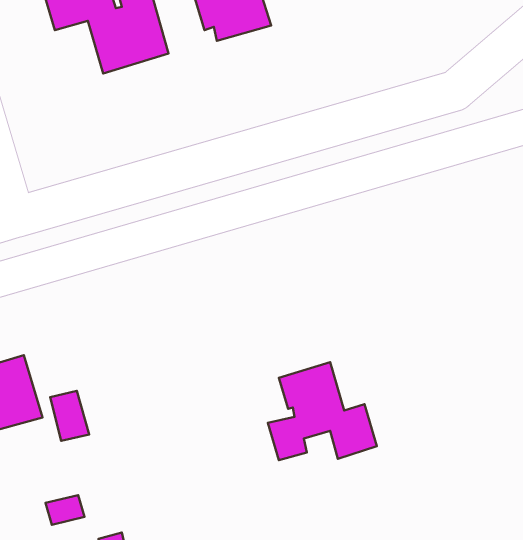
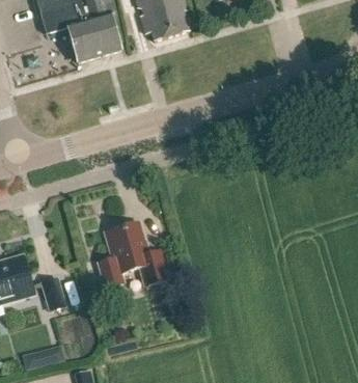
building: [268,362,377,460] -> [98,221,170,286]

